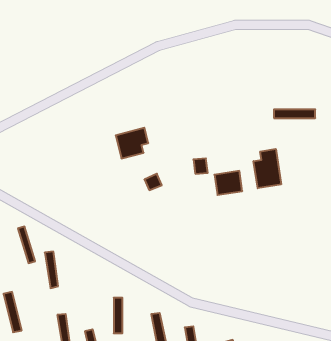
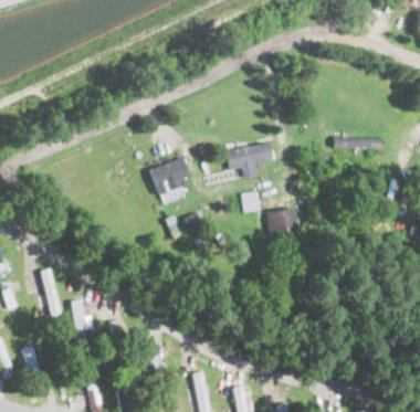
building: none -> [227,142,272,178]
building: [254,149,281,188] -> none

